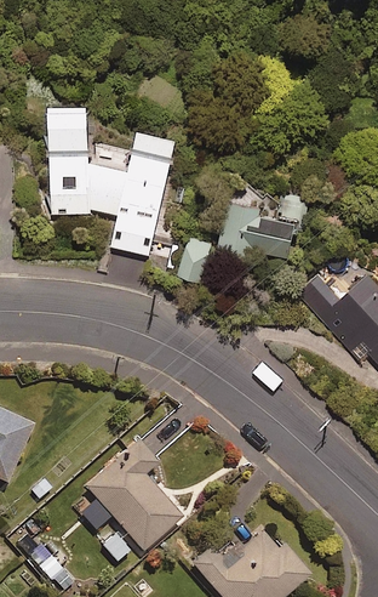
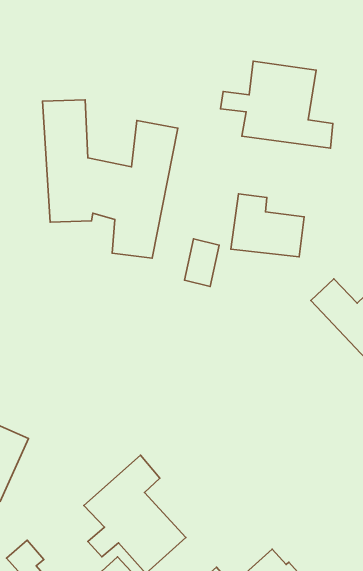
building: none -> [221,61,333,148]

